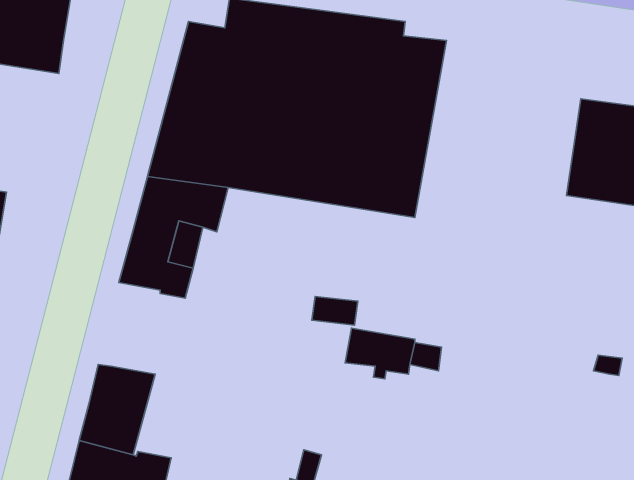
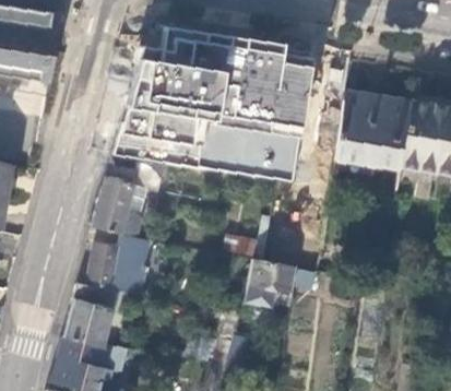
building: none -> [334,90,410,169]
building: none -> [85,234,147,293]

